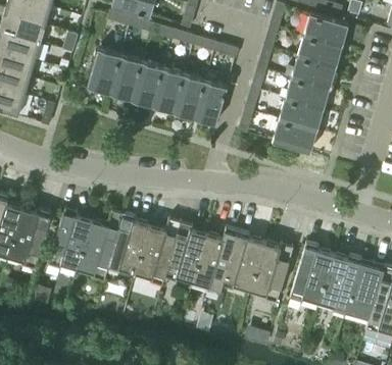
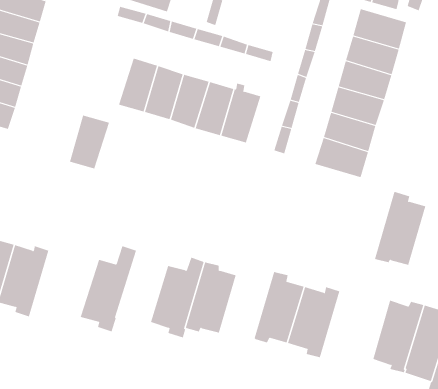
building: [88,49,121,94] -> [69,115,110,169]
building: [49,209,93,269] -> none
building: [107,214,150,273] -> none
building: [193,227,238,295] -> none
building: [291,243,334,304] -> [374,191,426,265]

